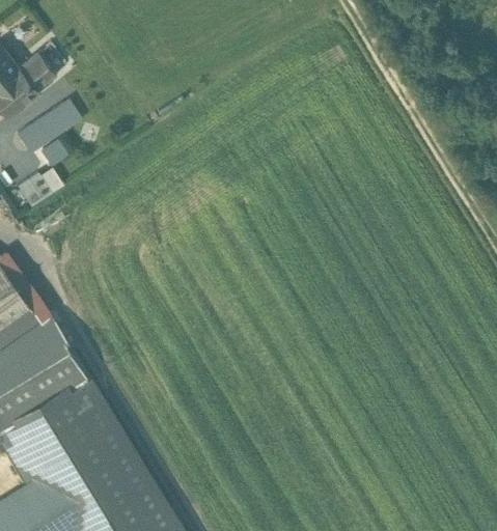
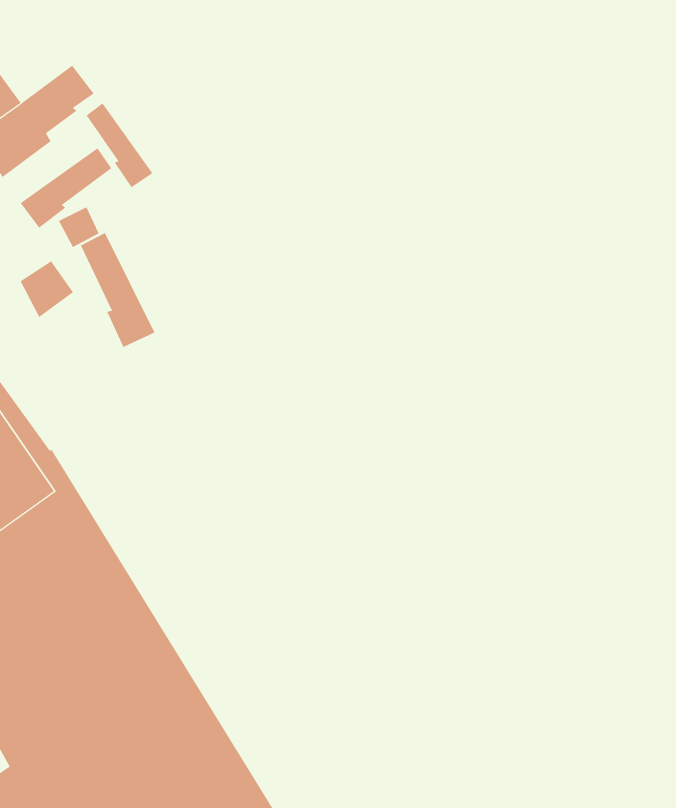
building: none -> [86,103,153,188]
building: none -> [80,232,155,348]

